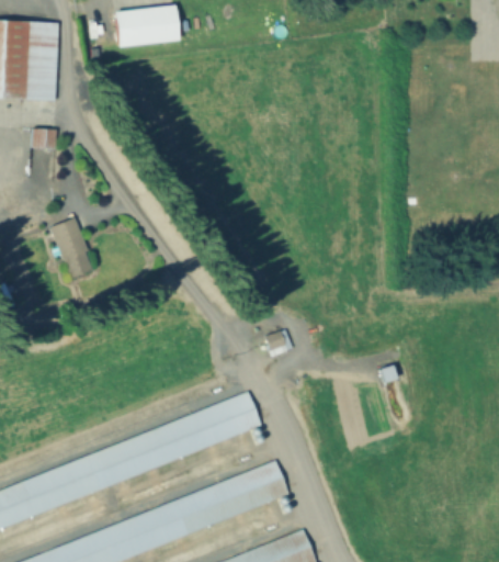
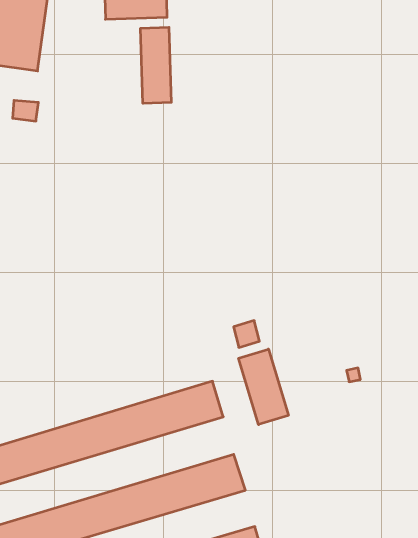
building: none -> [141,27,171,103]
building: [49,215,95,280] -> none
building: none -> [239,349,288,425]

